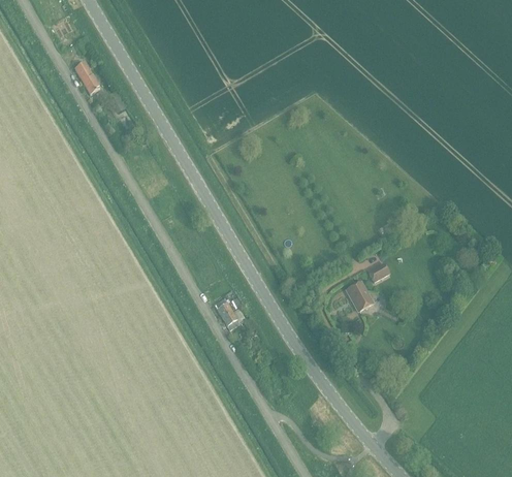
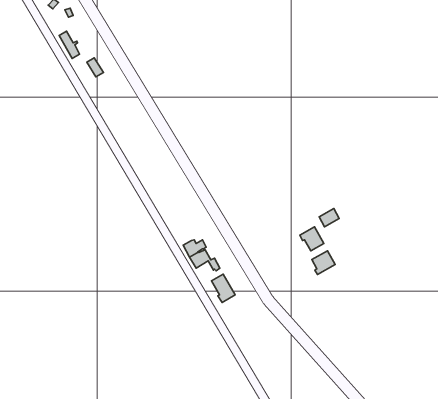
building: none -> [312,251,335,275]
building: none -> [211,274,235,303]

